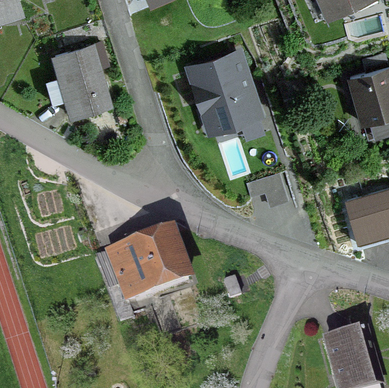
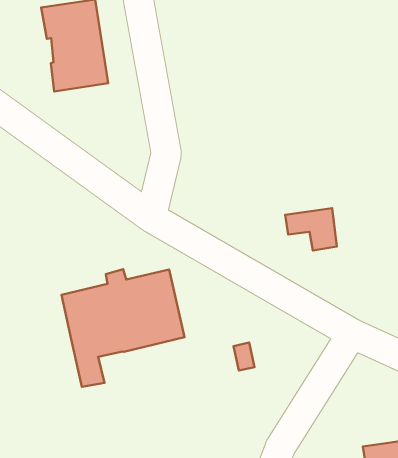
building: [186,47,264,133] -> none

